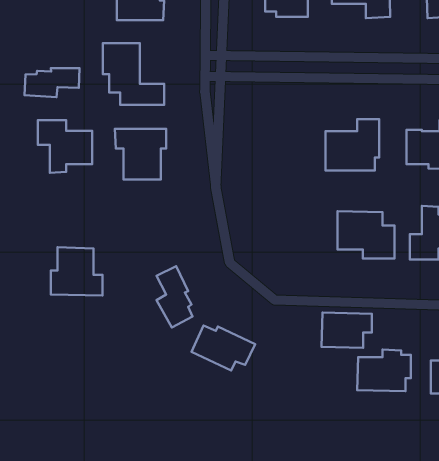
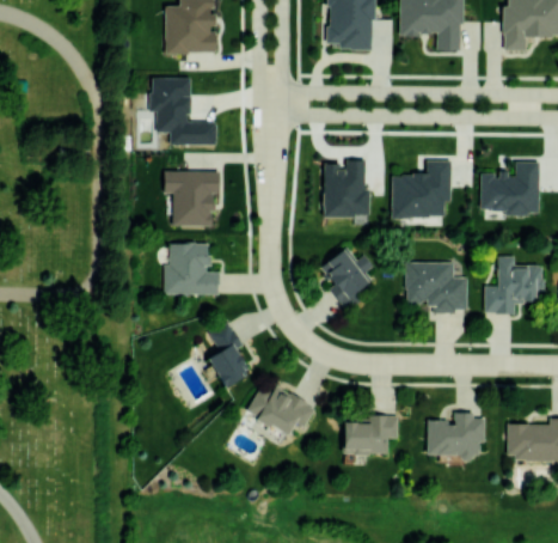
building: [24,68,79,97] -> none
building: none -> [323,158,370,216]
building: [38,120,92,173] -> none
building: none -> [320,246,373,310]
building: [51,247,102,296] -> [163,242,219,294]
building: [321,313,372,348] -> [343,416,398,454]

